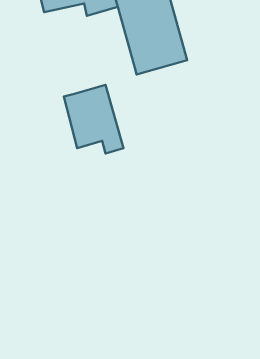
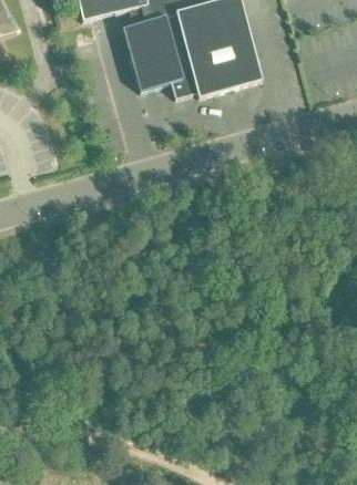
building: [64,85,123,153] -> [122,11,196,96]

